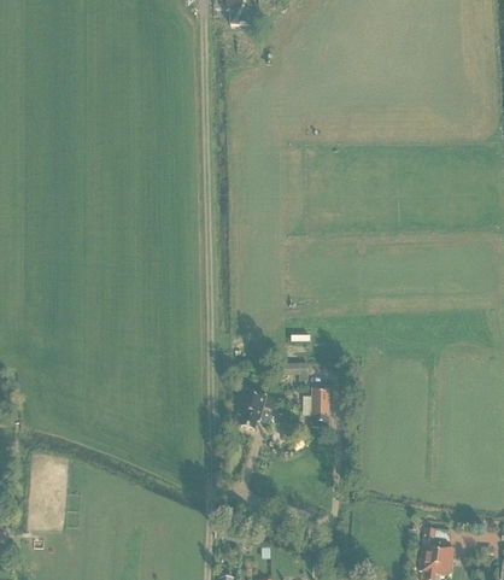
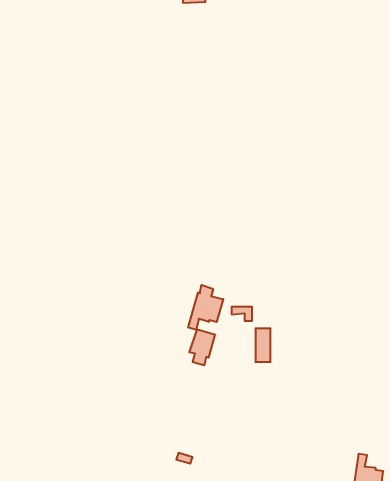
building: none -> [188,285,223,330]

